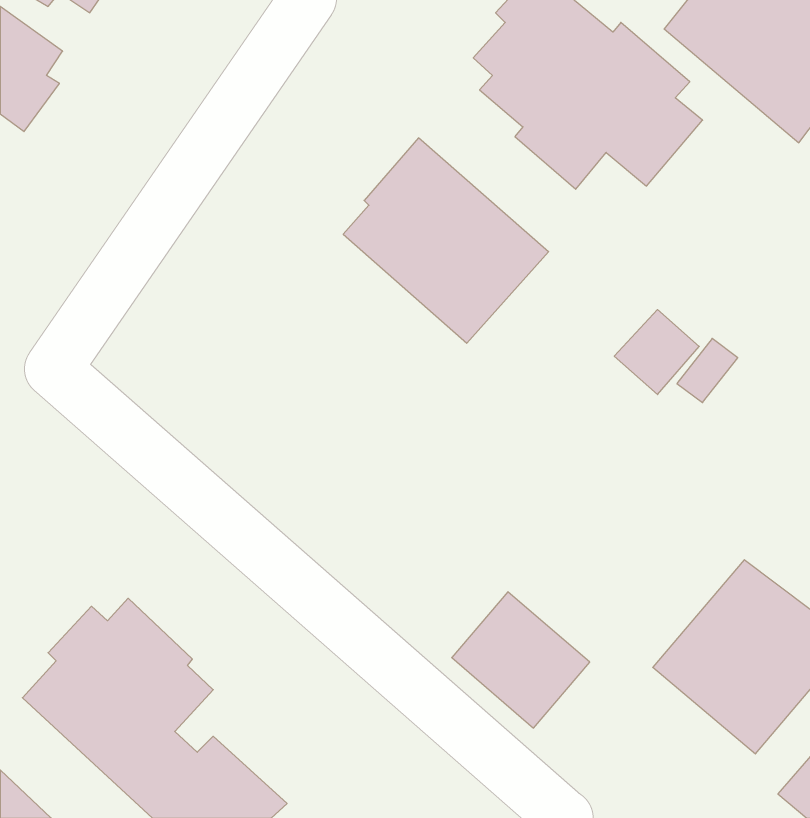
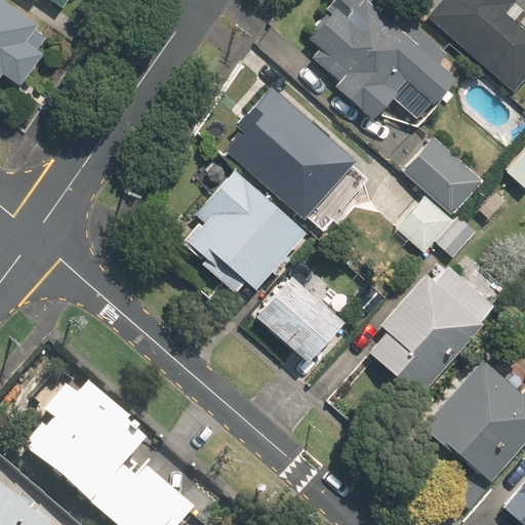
building: none -> [406,136,484,213]
building: none -> [180,170,304,290]
building: none -> [366,267,493,395]
building: [452,592,590,728] -> [254,276,342,363]

